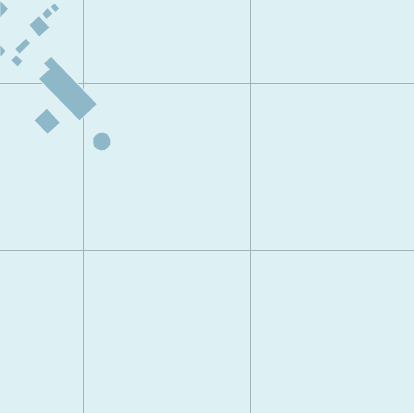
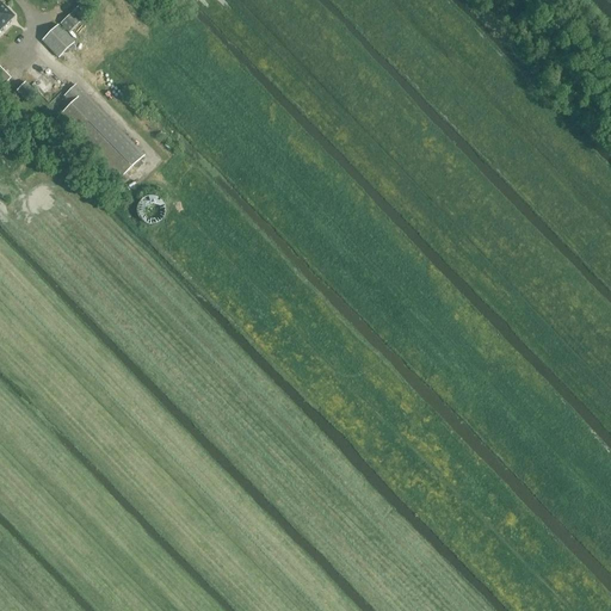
building: [34,108,60,135] -> none

